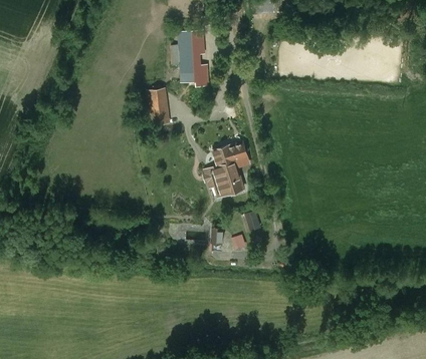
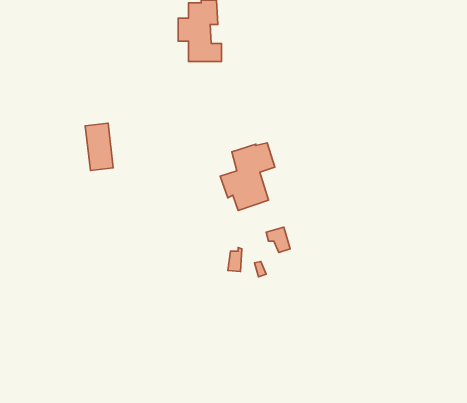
building: [147,88,169,125] -> [85,123,113,170]

